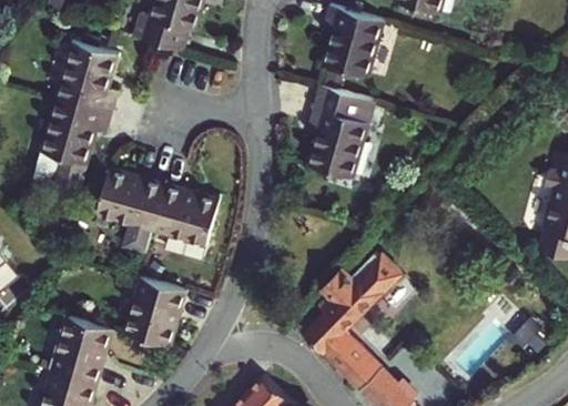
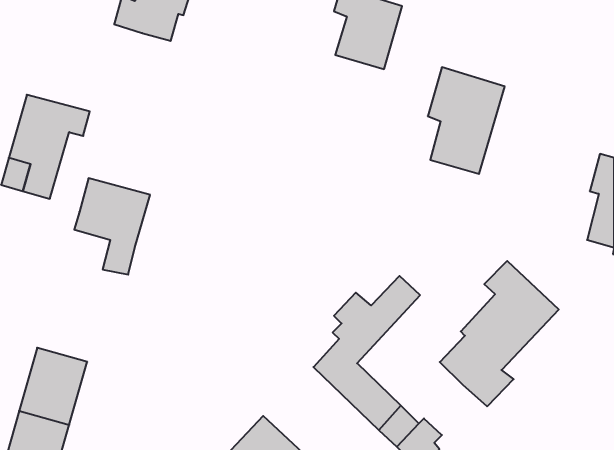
building: [58,44,118,113] -> none
building: [306,87,373,179] -> [428,67,505,174]
building: [151,185,219,262] -> none
building: none -> [440,261,559,406]
building: [124,278,185,346] -> none

